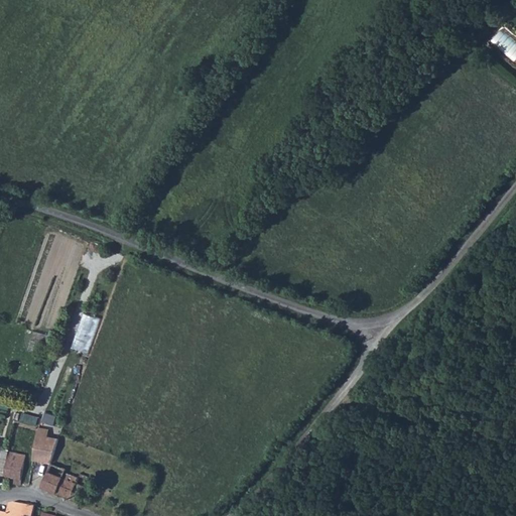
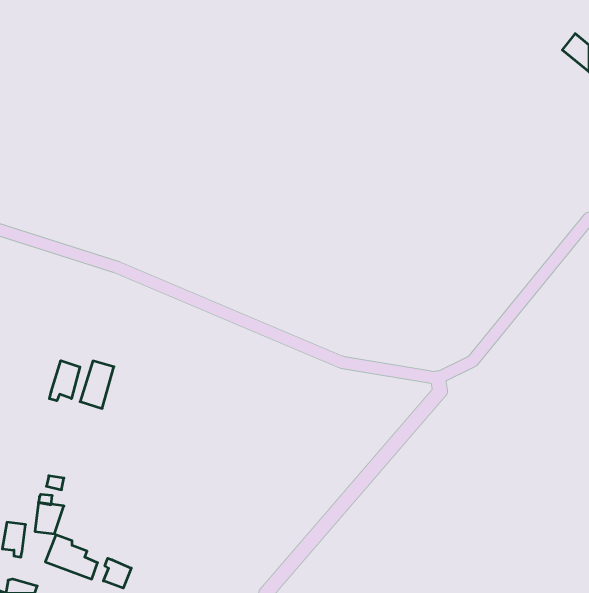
building: none -> [49,361,80,401]
building: none -> [103,558,131,588]

